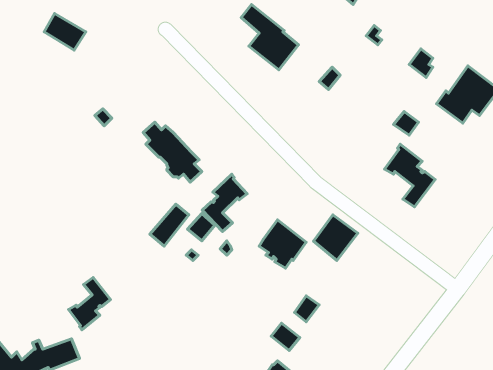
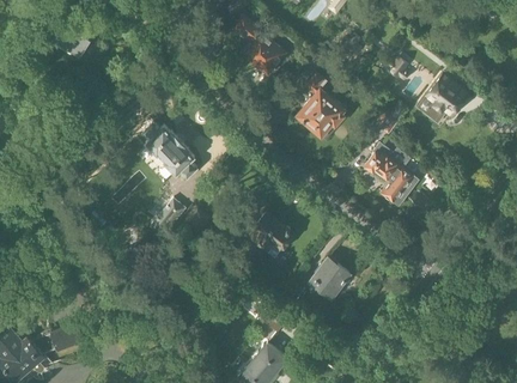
building: none -> [297,89,346,141]
building: [202,174,247,231] -> none
building: [313,215,358,261] -> [309,259,349,300]
building: [68,278,111,330] -> none

